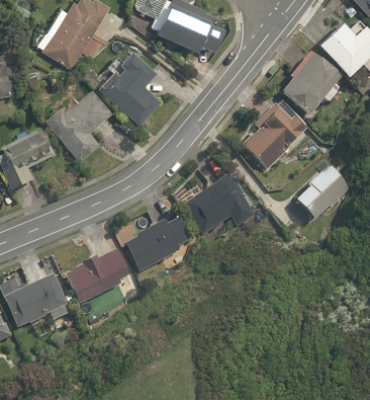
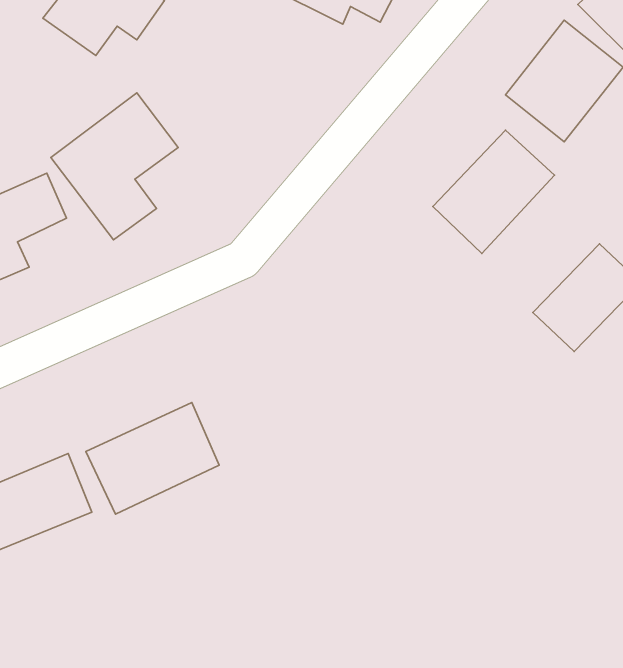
building: [97,50,160,125] -> none
building: [181,174,254,236] -> none
building: [124,215,190,273] -> none

